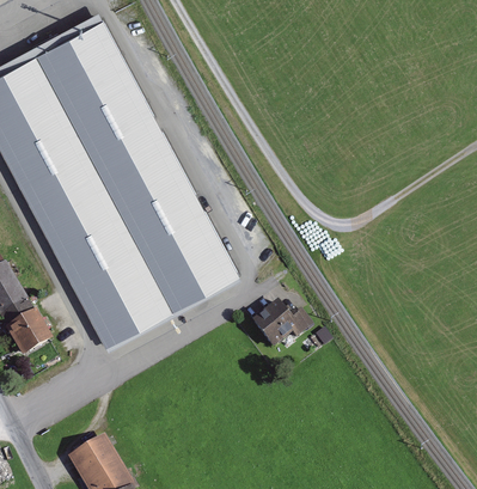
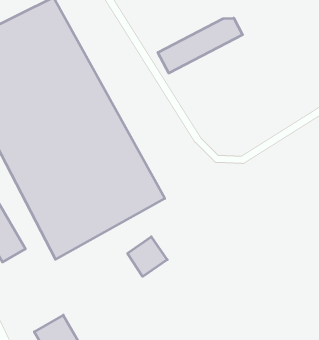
building: none -> [158,18,243,73]
building: [250,299,304,353] -> [128,237,167,276]

